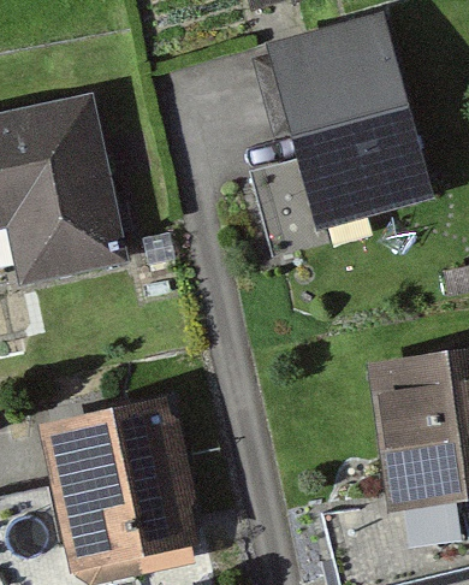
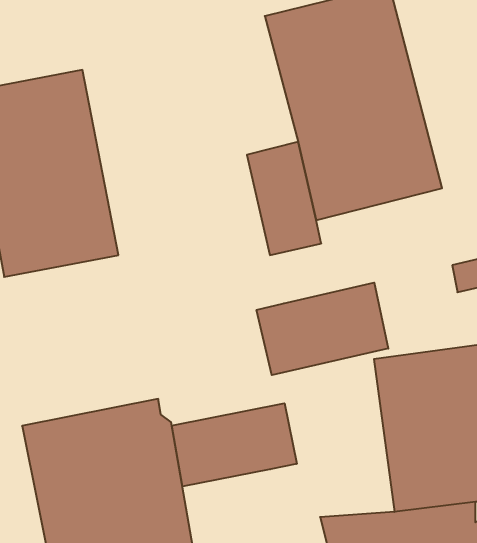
building: none -> [257,283,388,375]
building: none -> [172,403,297,487]

